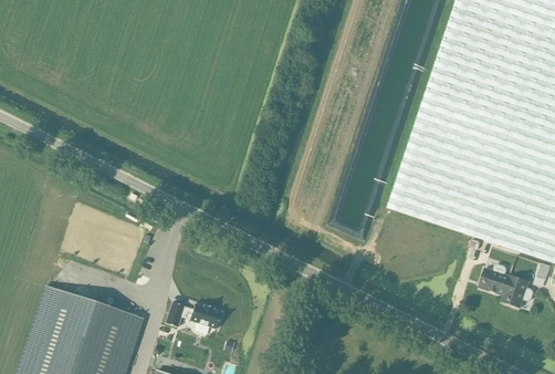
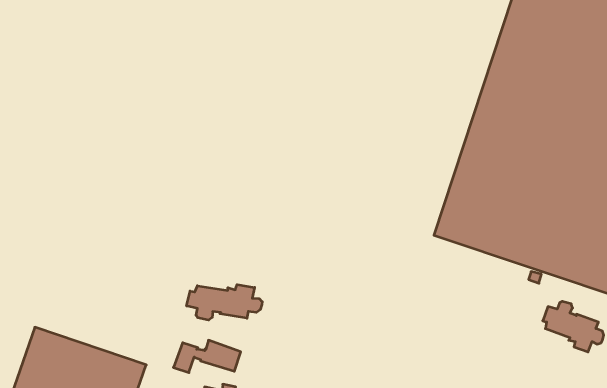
building: none -> [187,285,262,320]

